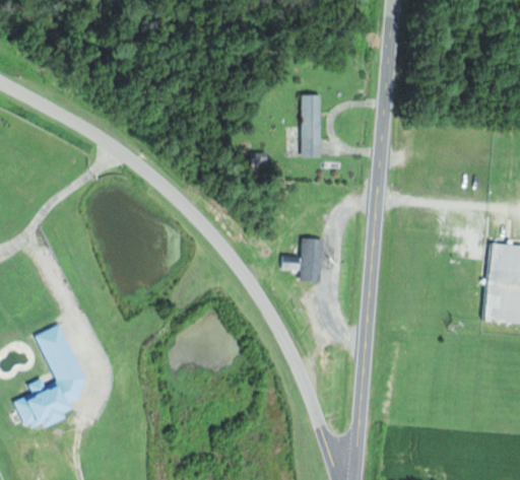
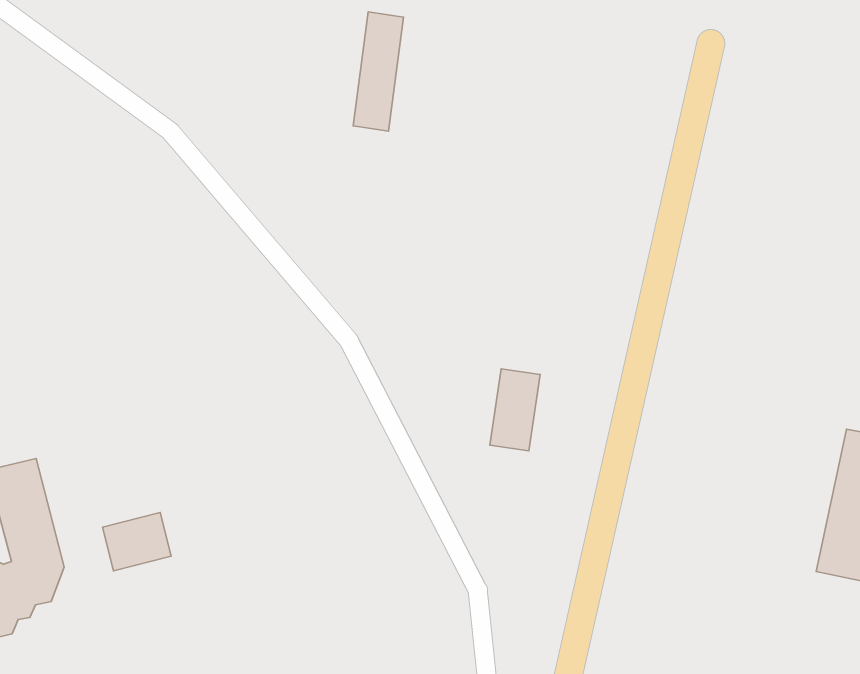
building: [301,94,321,156] -> [353,12,403,131]
building: none -> [102,512,171,571]

